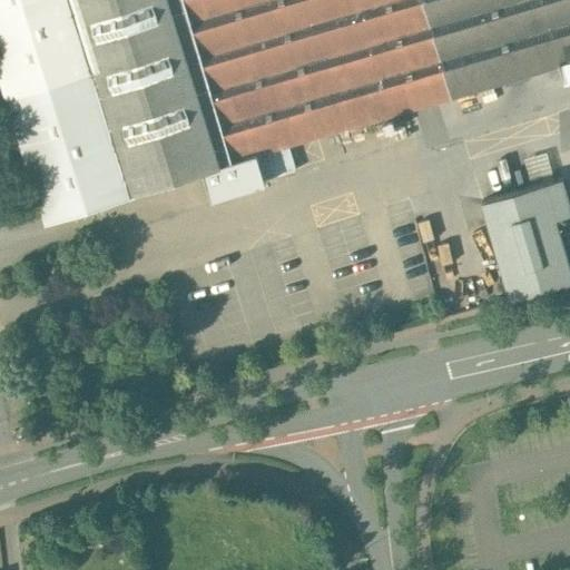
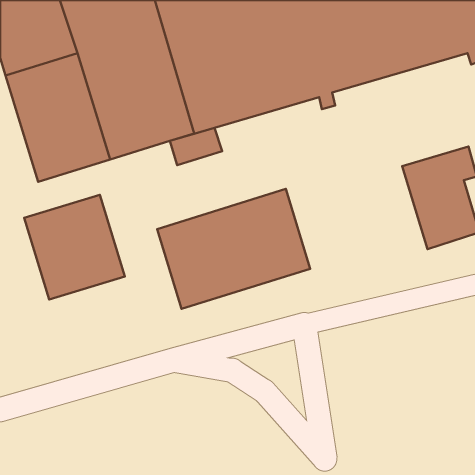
building: none -> [157,189,310,309]
building: none -> [24,195,125,299]

